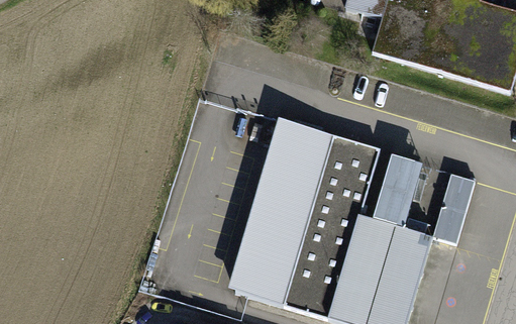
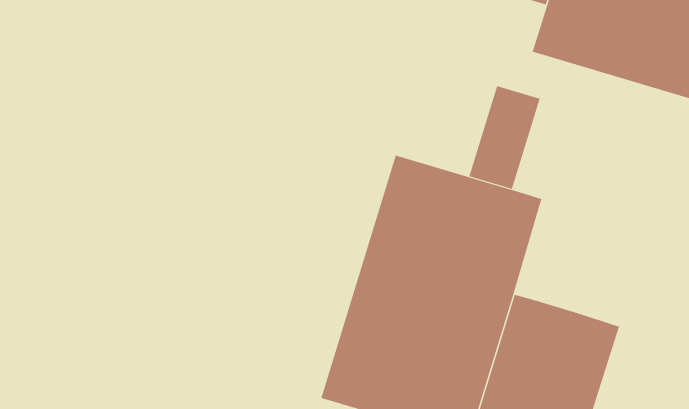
building: [375,156,424,228] -> [468,85,540,190]
building: [433,174,473,242] -> none

